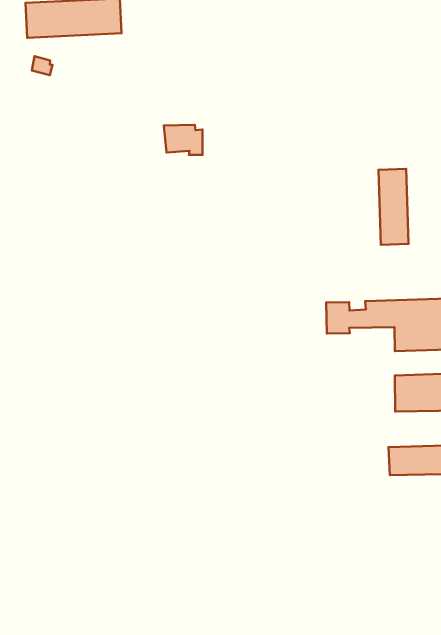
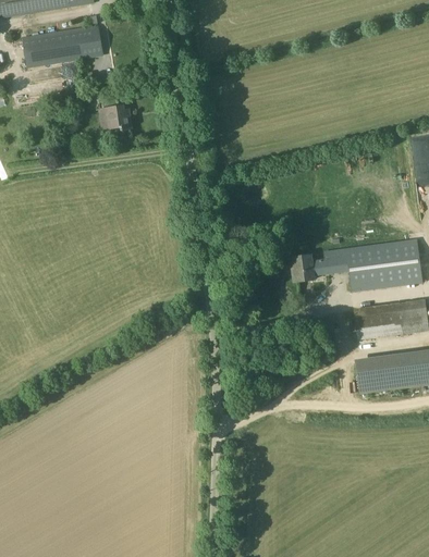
building: [164,125,202,155] -> [97,104,131,129]
building: [378,169,409,245] -> none

